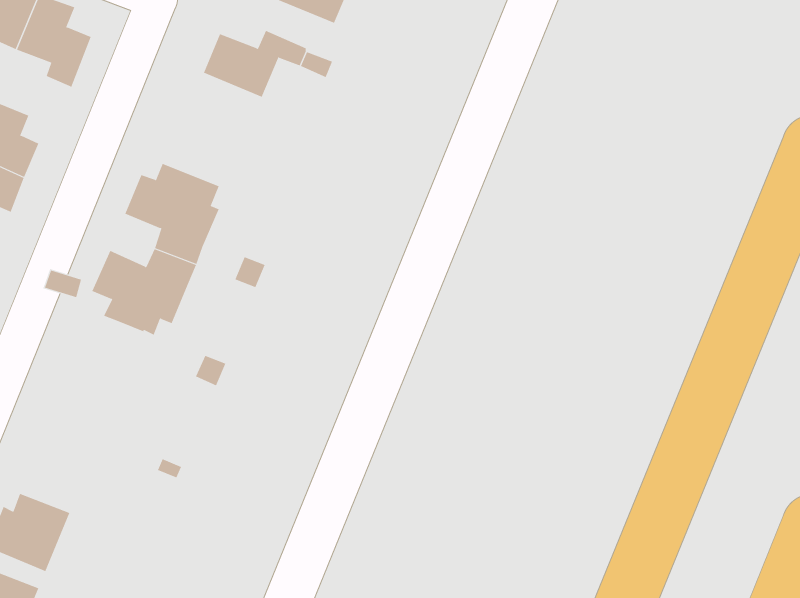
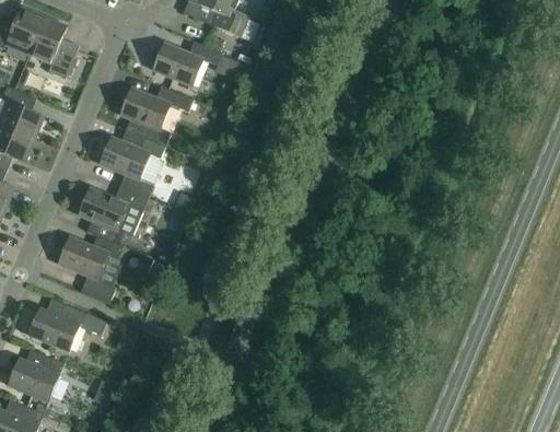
building: none -> [119,85,192,144]
building: none -> [58,235,122,299]
building: none -> [28,299,106,351]

